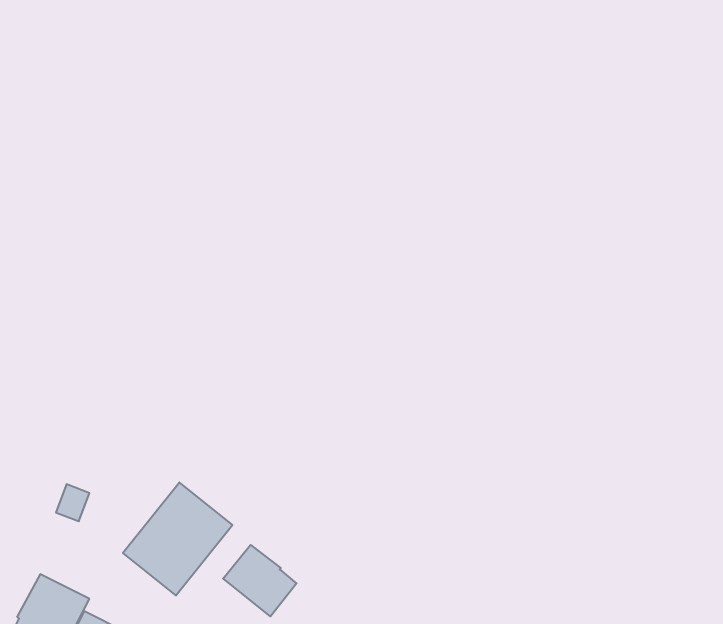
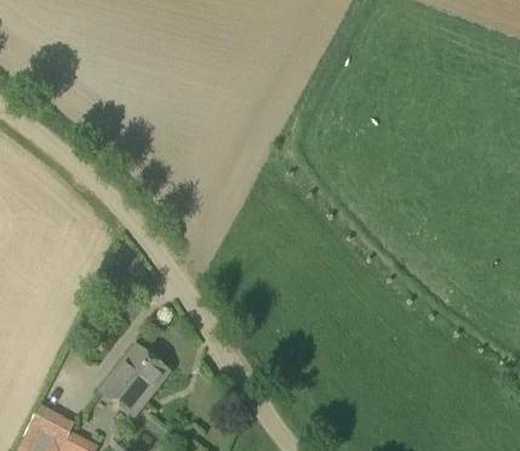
building: [223,545,297,616] -> none

